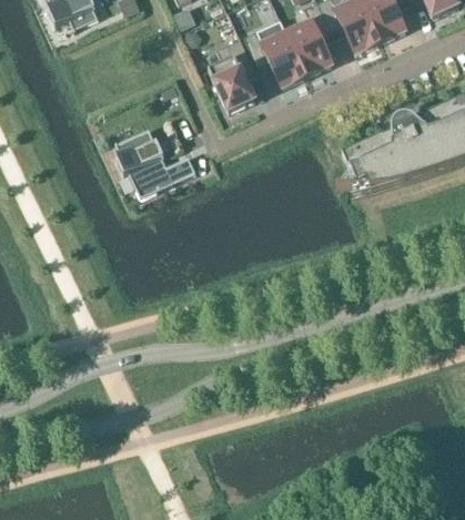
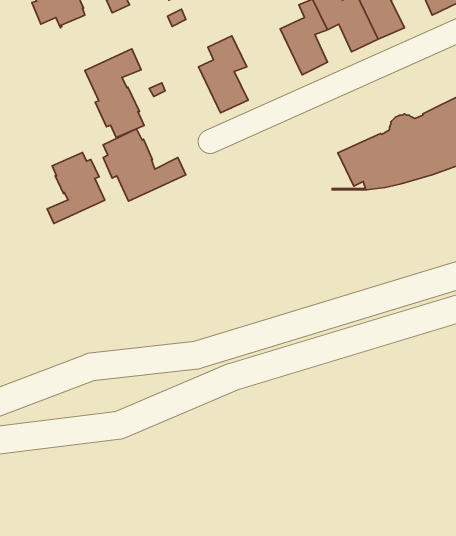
building: [244,29,307,85] -> none
building: none -> [85,49,144,137]
building: none -> [47,153,105,224]

